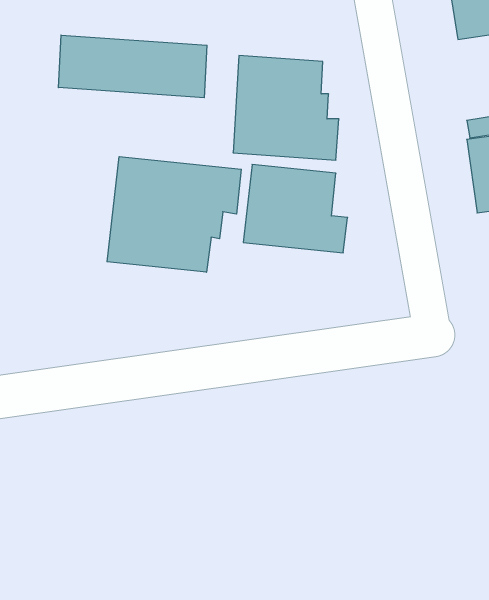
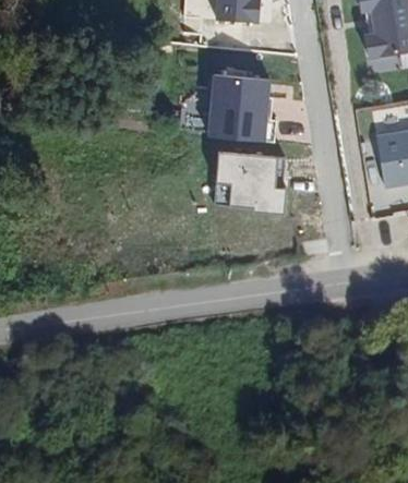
building: [58,35,207,98] -> none
building: [107,157,241,272] -> none

